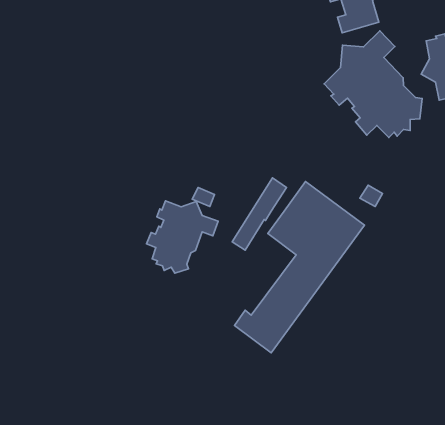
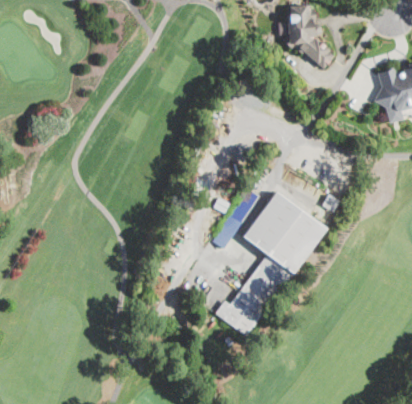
building: [324,31,422,138] -> none
building: [147,201,218,273] -> none

